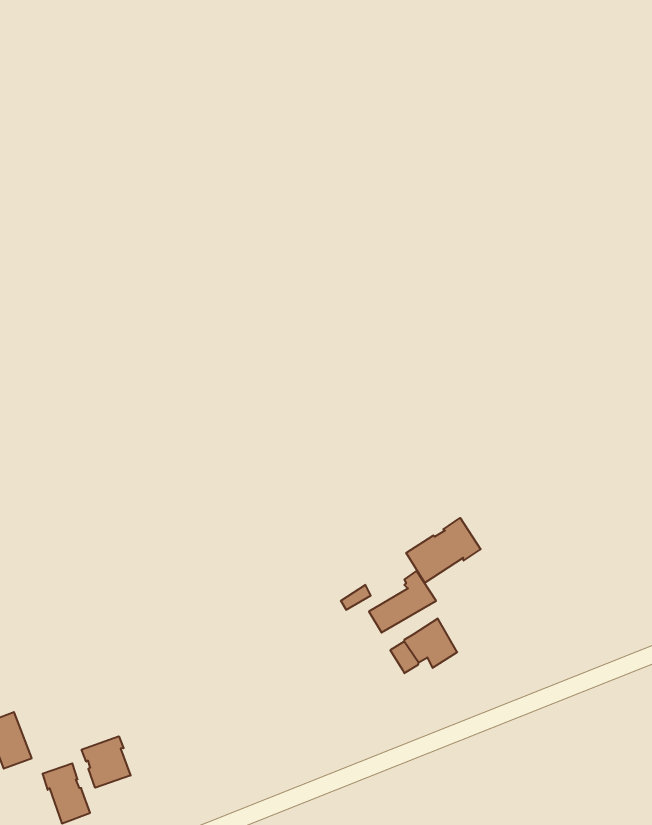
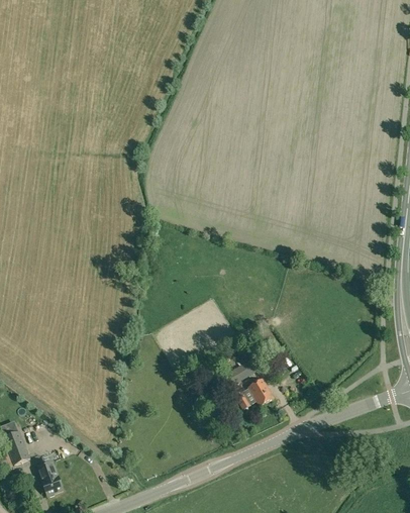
building: [406,518,481,583] -> none
building: [82,736,131,788] -> none

